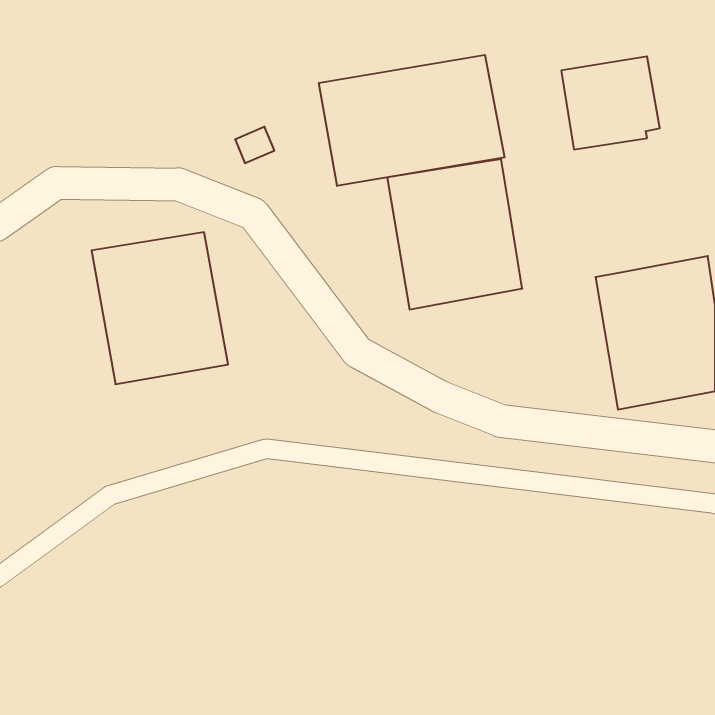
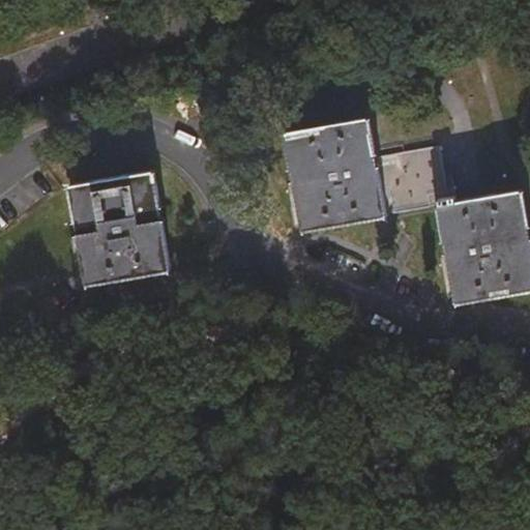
building: [319,55,505,186] -> none
building: [561,56,660,149] -> [375,147,447,215]

